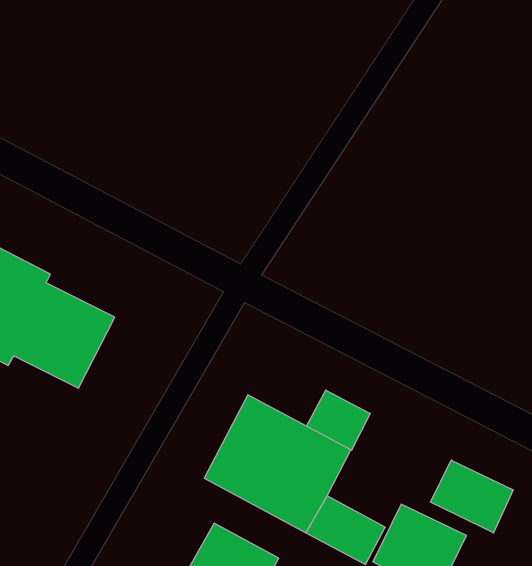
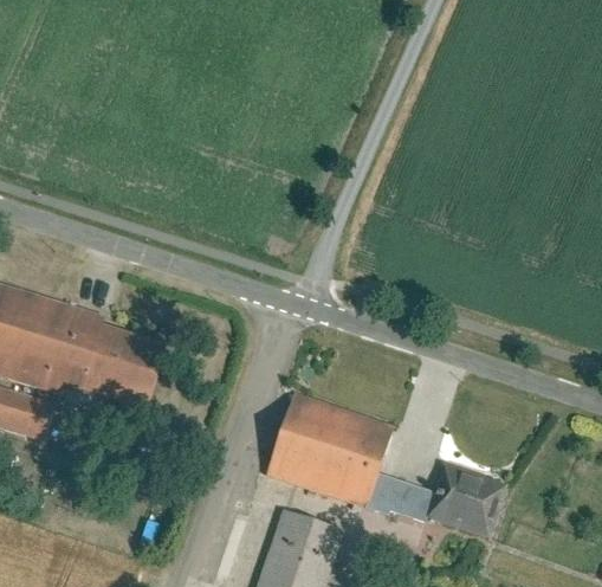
building: [306,390,370,450] -> none
building: [431,460,513,533] -> none

